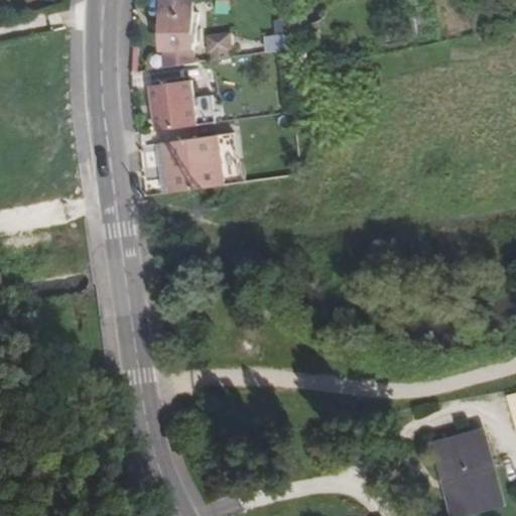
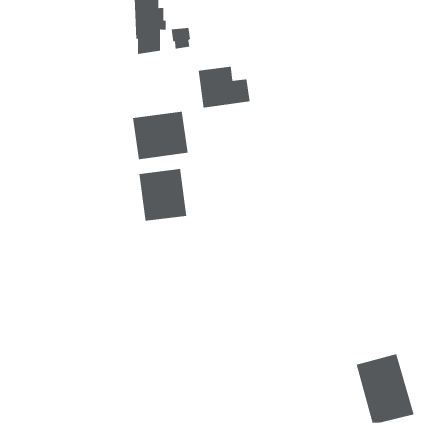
building: [147,81,211,131] -> [198,66,251,108]
building: none -> [139,168,187,222]

